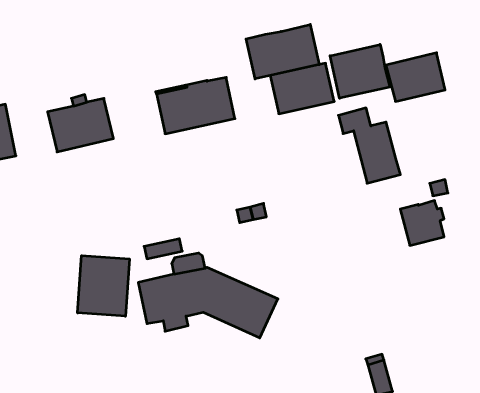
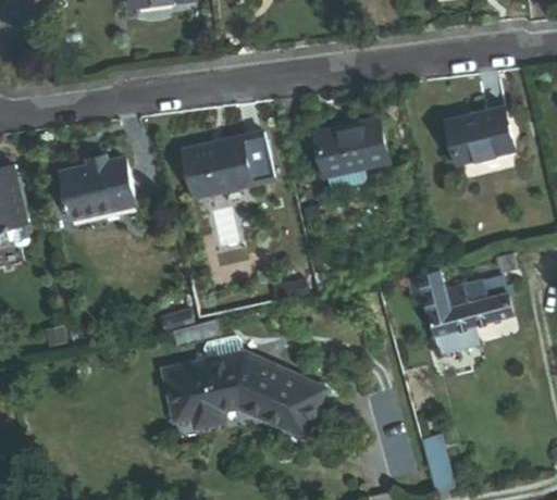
building: [246,24,319,79] -> none
building: [330,44,390,98] -> none
building: [338,108,400,183] -> [407,270,478,355]
building: [78,256,129,316] -> none

